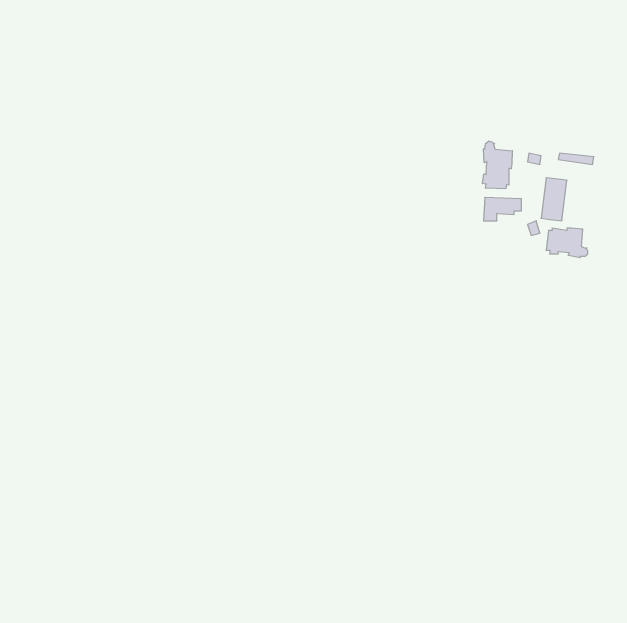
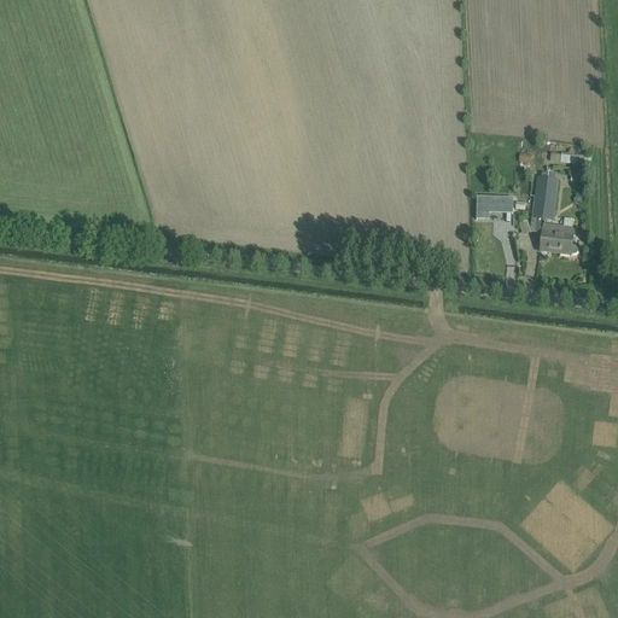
building: [482,141,512,189] -> none

